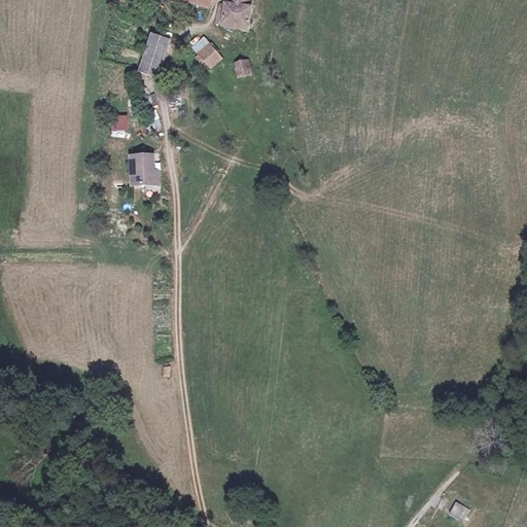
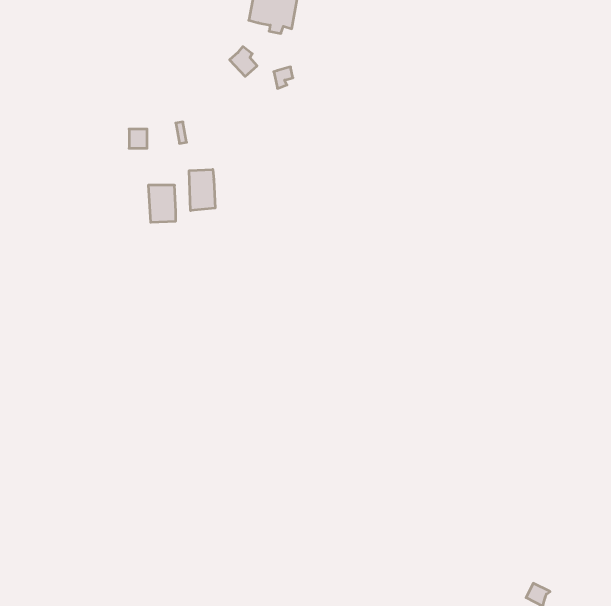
building: [140,33,167,77] -> none
building: none -> [189,169,215,211]

